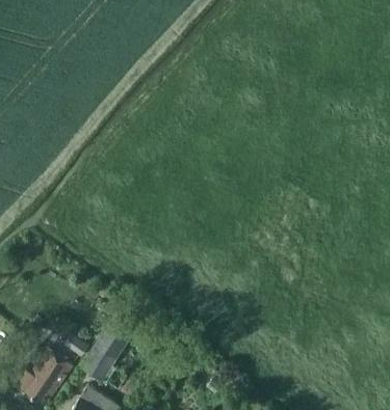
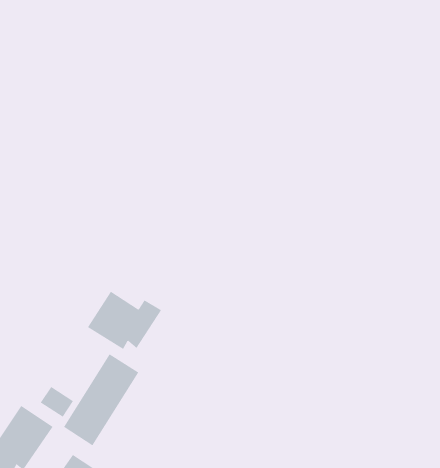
building: none -> [87,291,162,350]

